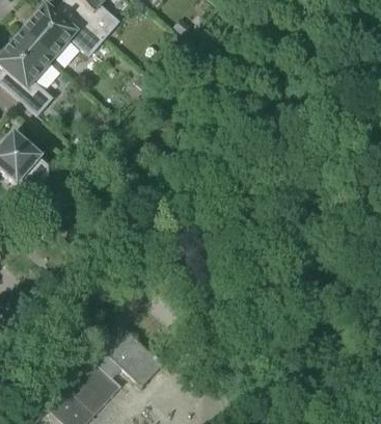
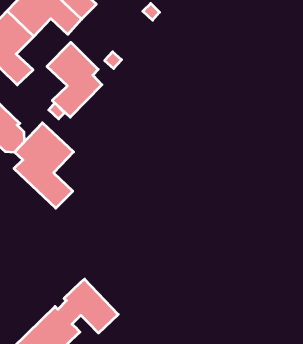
building: none -> [47,42,102,117]
building: none -> [14,123,74,208]

